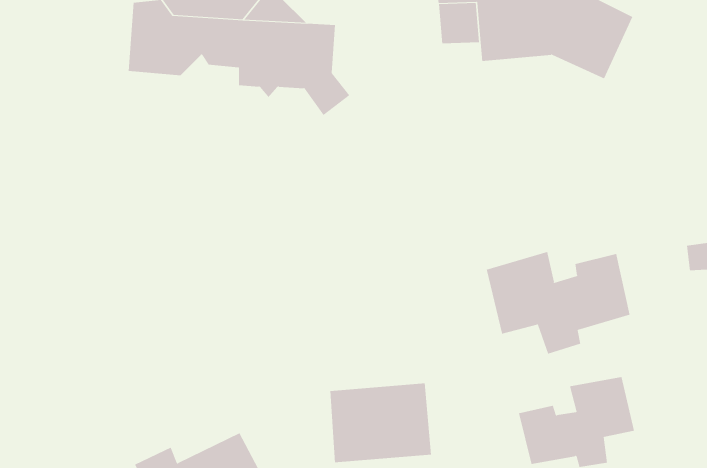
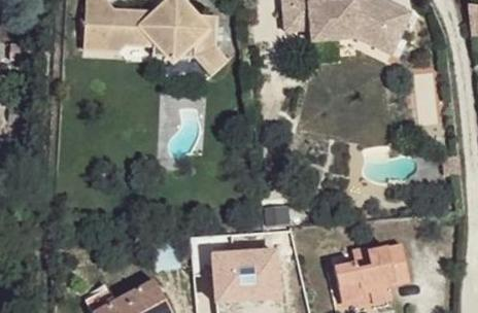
building: [486,251,630,354] -> none

